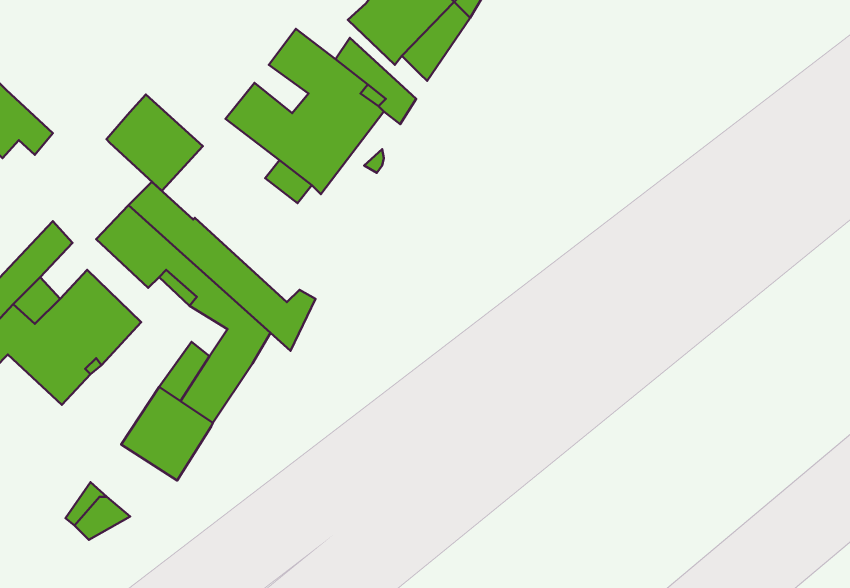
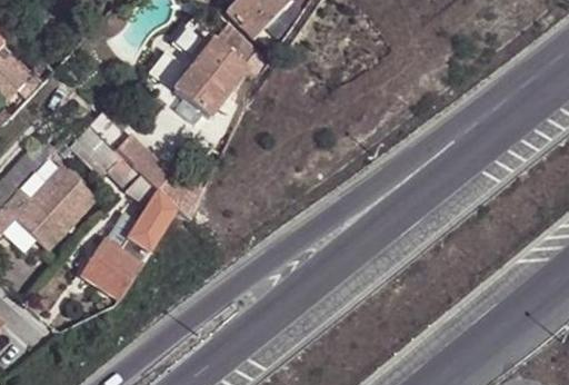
building: [106,95,203,191] -> none

